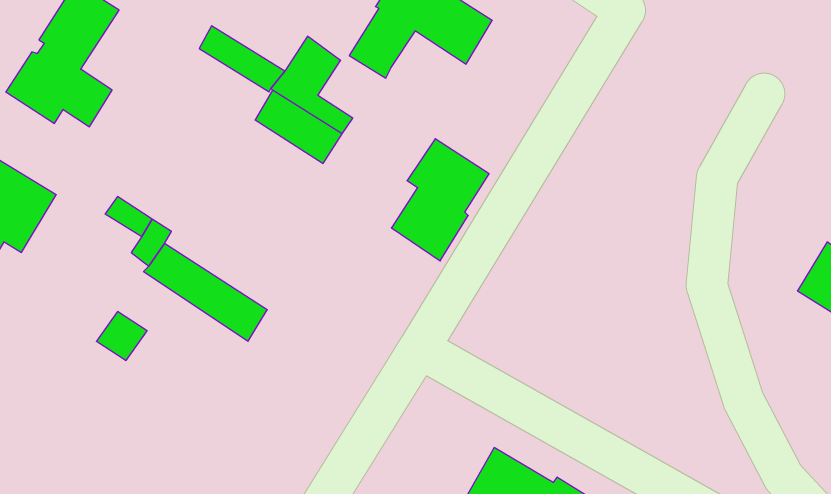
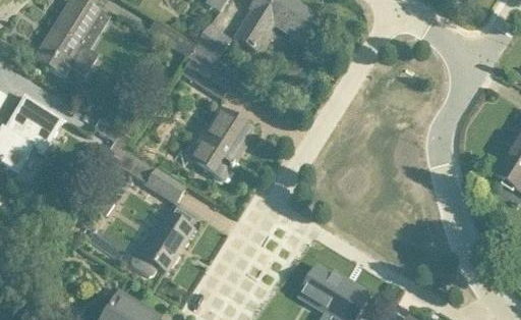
building: [391,139,489,261] -> [194,107,251,178]
building: none -> [130,205,193,274]

